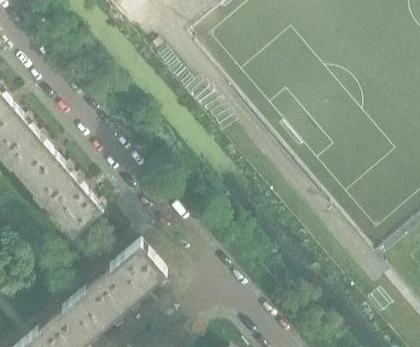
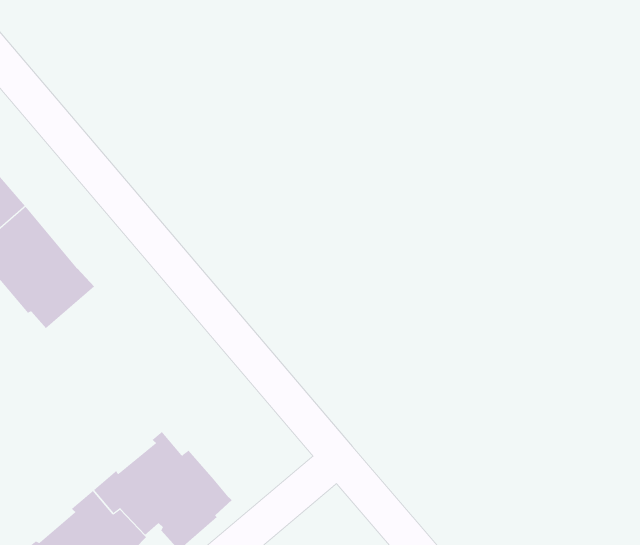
building: [41,178,100,238] -> none
building: [112,242,164,291] -> none

